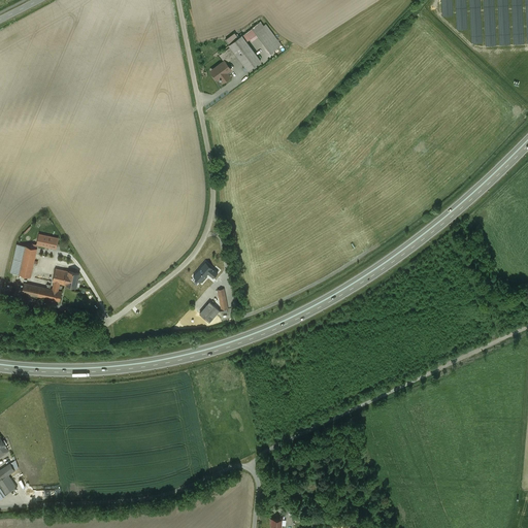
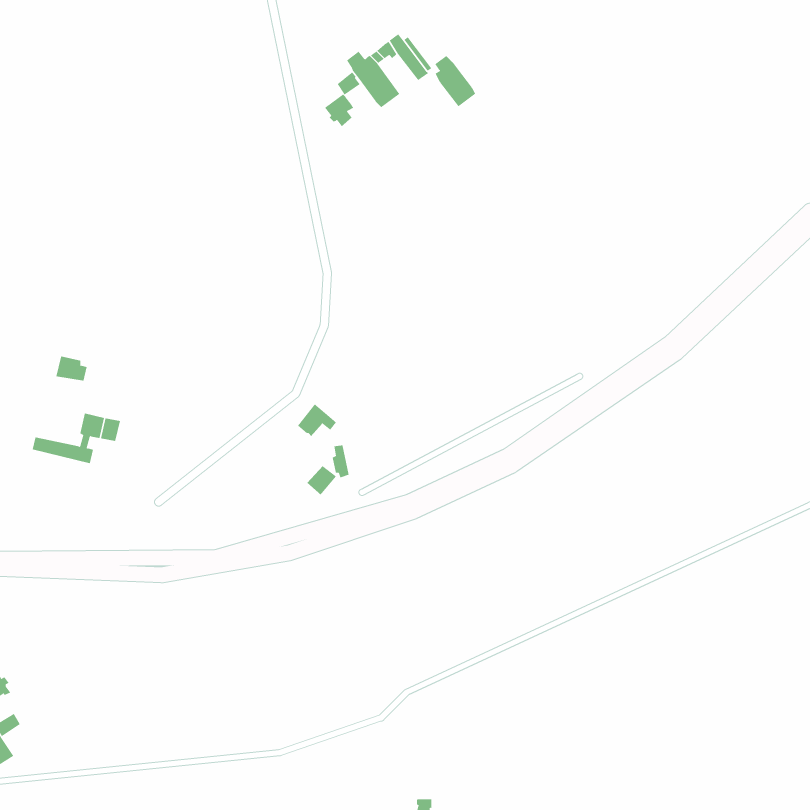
building: none -> [434,55,476,107]
building: [15,246,36,277] -> none

